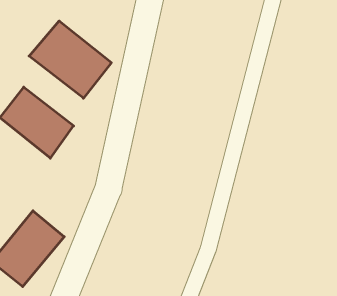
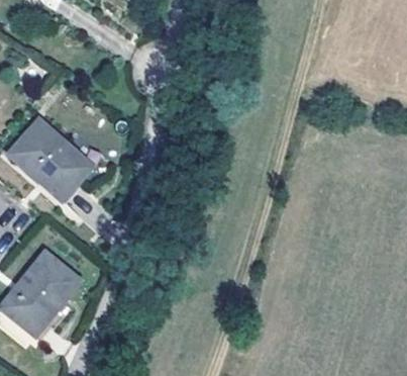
building: [29,21,111,98] -> none

